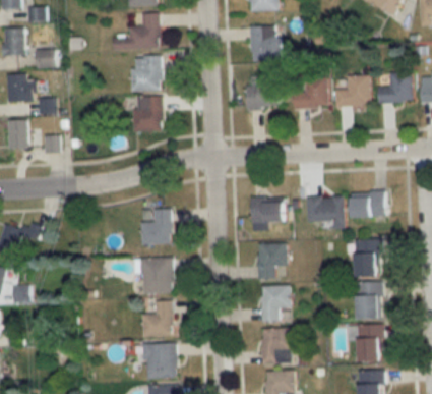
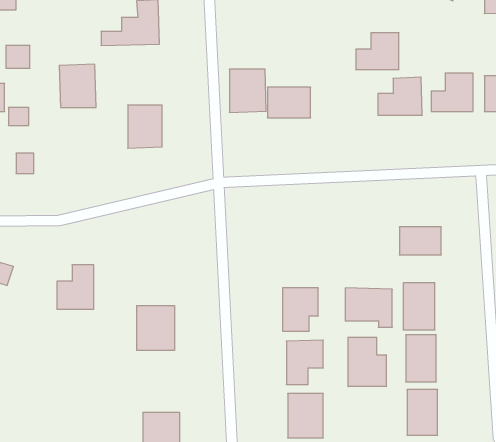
building: [250,25,280,60] -> [229,69,266,112]
building: [131,56,161,91] -> [59,64,96,107]
building: [293,77,327,107] -> [356,33,399,70]
building: [306,195,344,227] -> [345,288,392,327]
building: [251,196,286,221] -> none
building: [141,208,171,243] -> [57,265,94,309]
building: none -> [348,337,386,387]
building: [142,300,173,336] -> none

